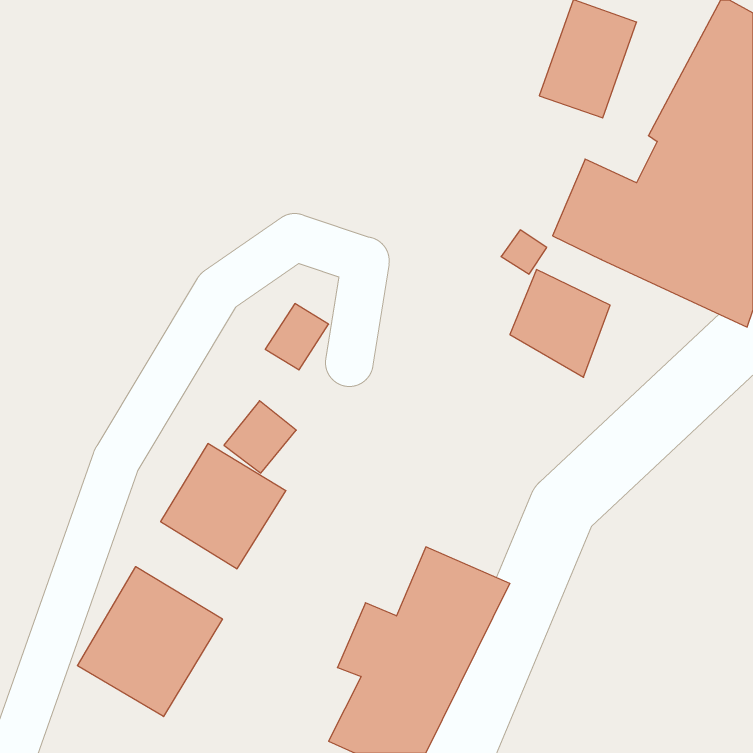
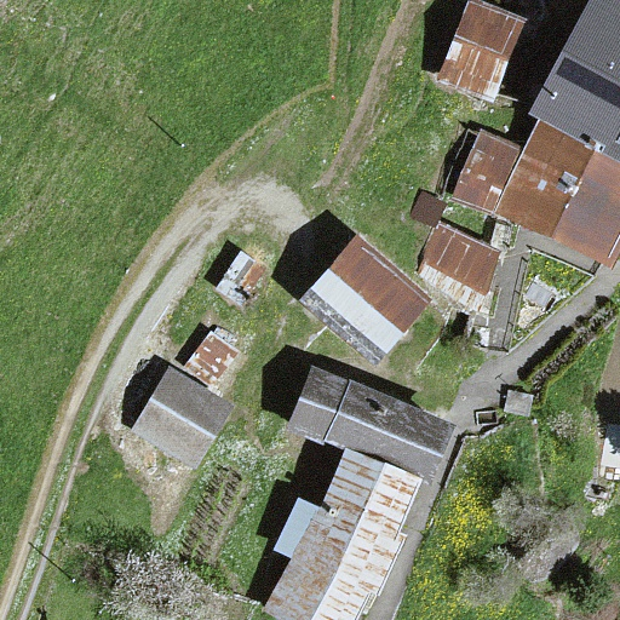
building: none -> [310,239,425,354]
building: none -> [298,371,449,475]
building: [77,567,222,717] -> none

